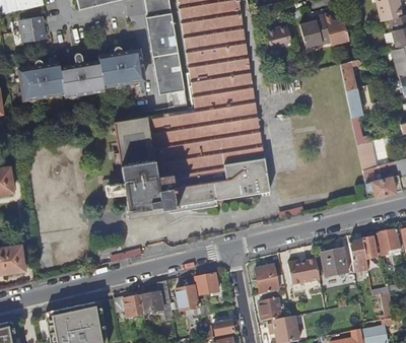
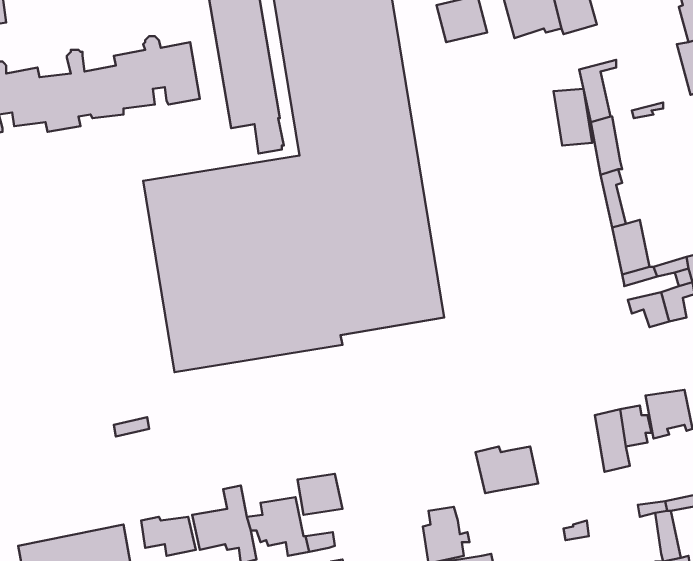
building: none -> [553,89,592,145]
building: [321,249,348,278] -> none
building: [254,265,284,294] -> none

